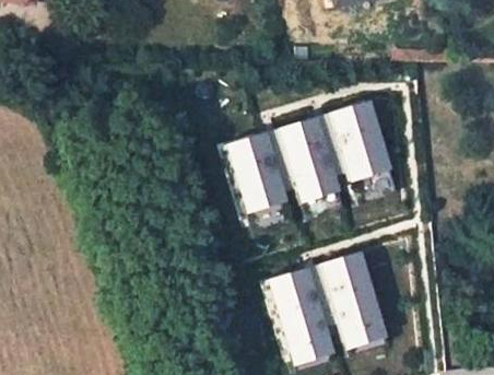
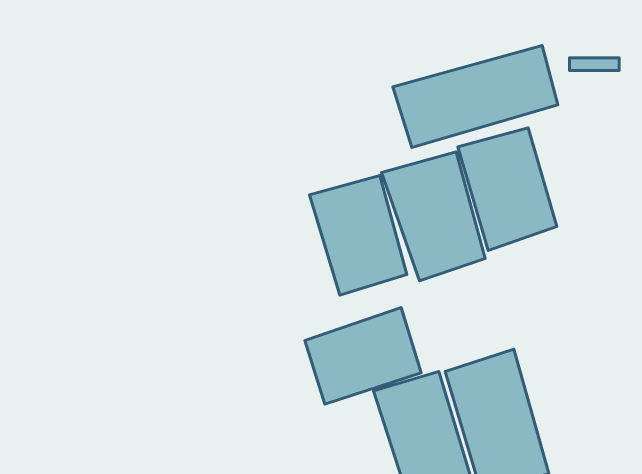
building: none -> [393,46,558,148]
building: none -> [305,307,421,404]

